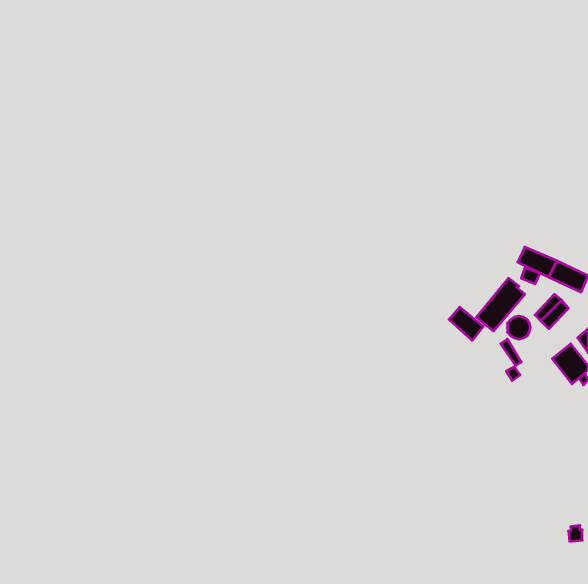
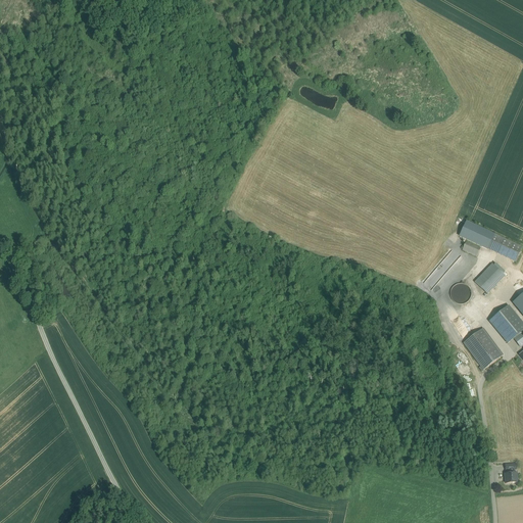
building: [449,307,483,340] -> none
building: none -> [464,327,503,367]

